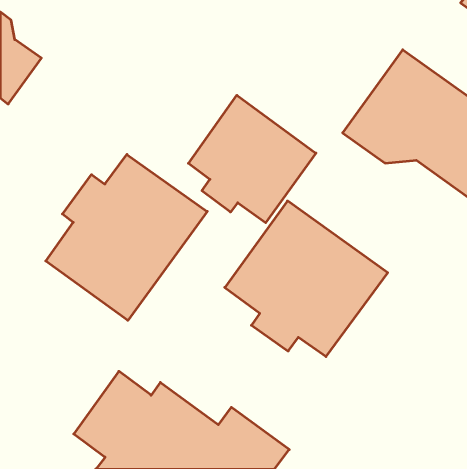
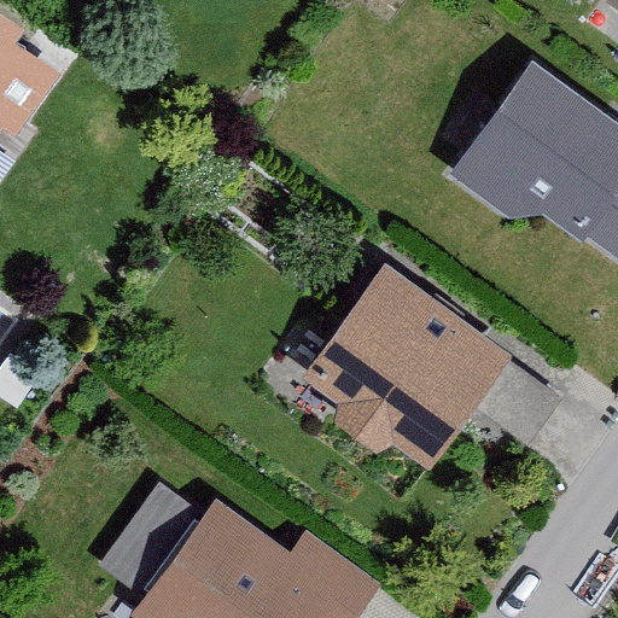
building: [188,95,316,223] -> none
building: [46,154,207,320] -> none

